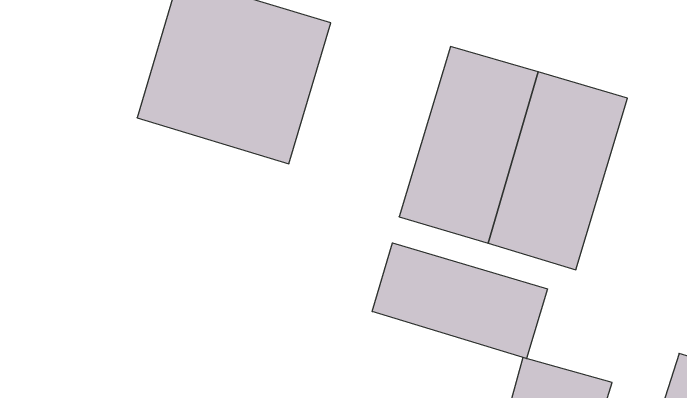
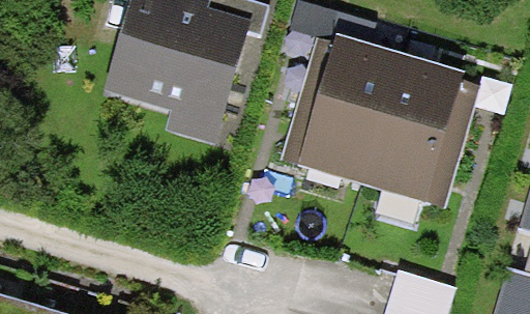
building: [372,243,547,359] -> none

